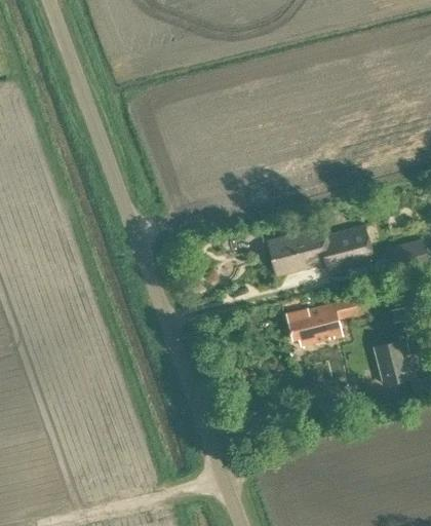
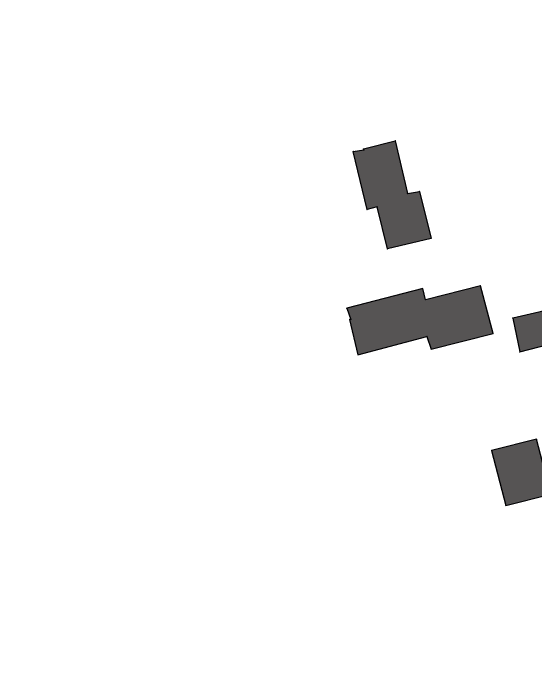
building: none -> [353,141,431,249]
building: [286,296,369,345] -> none

